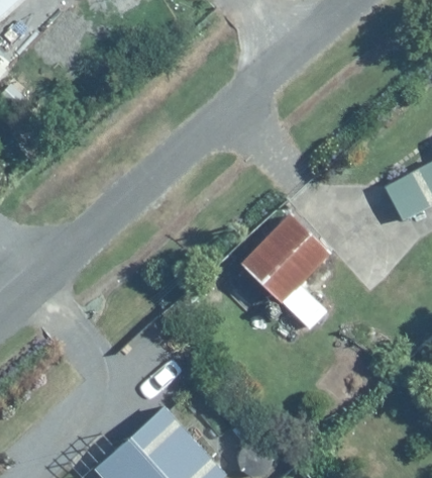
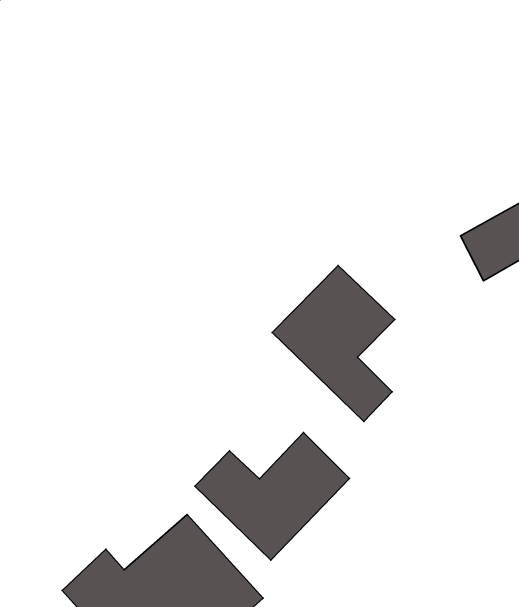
building: none -> [195,433,349,560]

